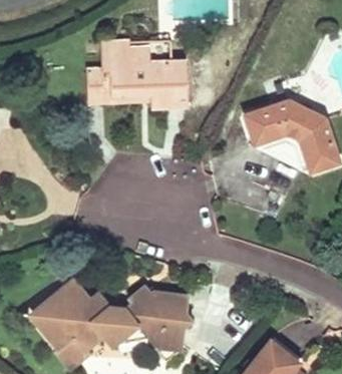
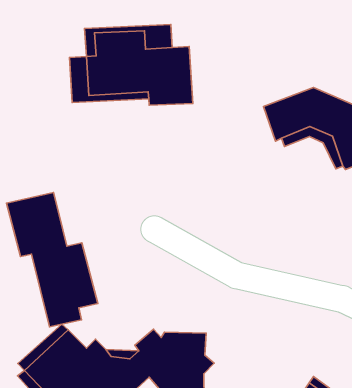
building: none -> [6,193,98,327]

